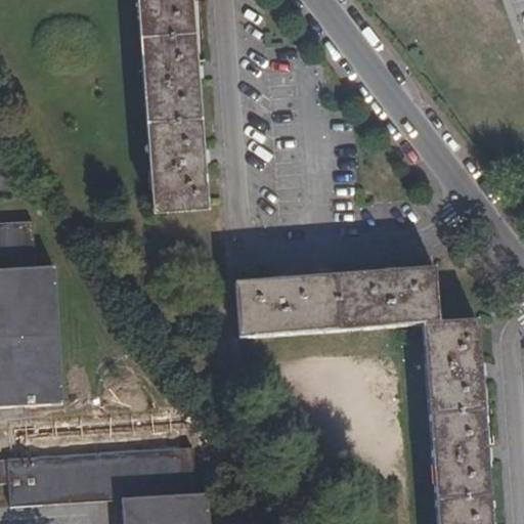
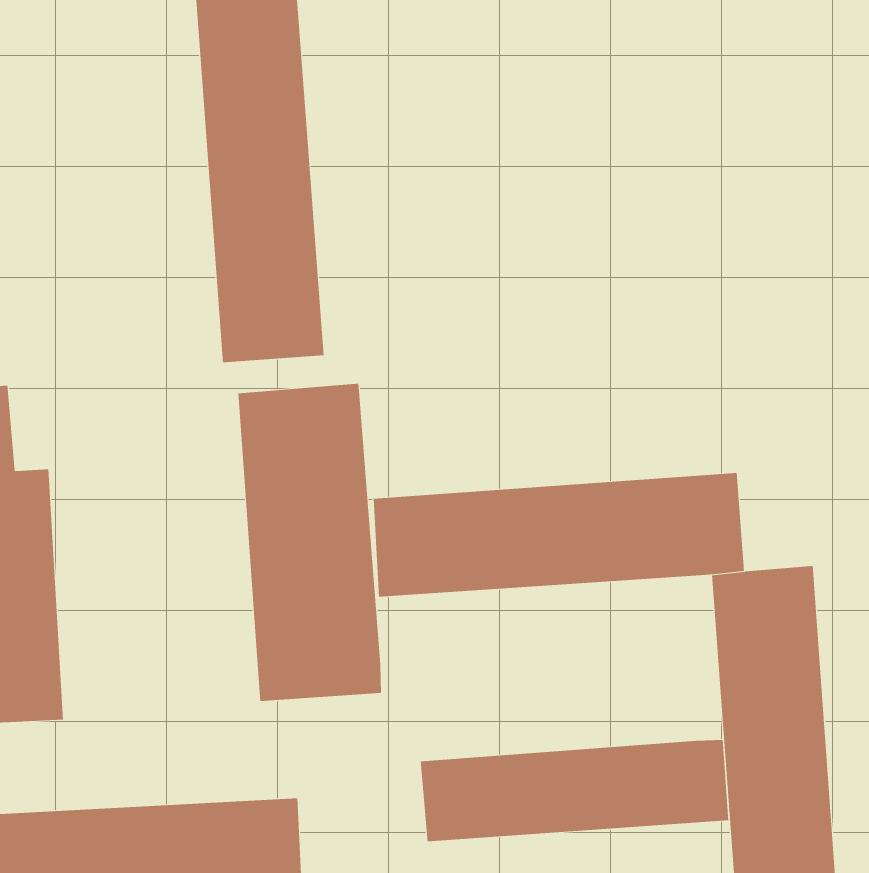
building: none -> [238,383,381,702]
building: none -> [420,739,729,842]

